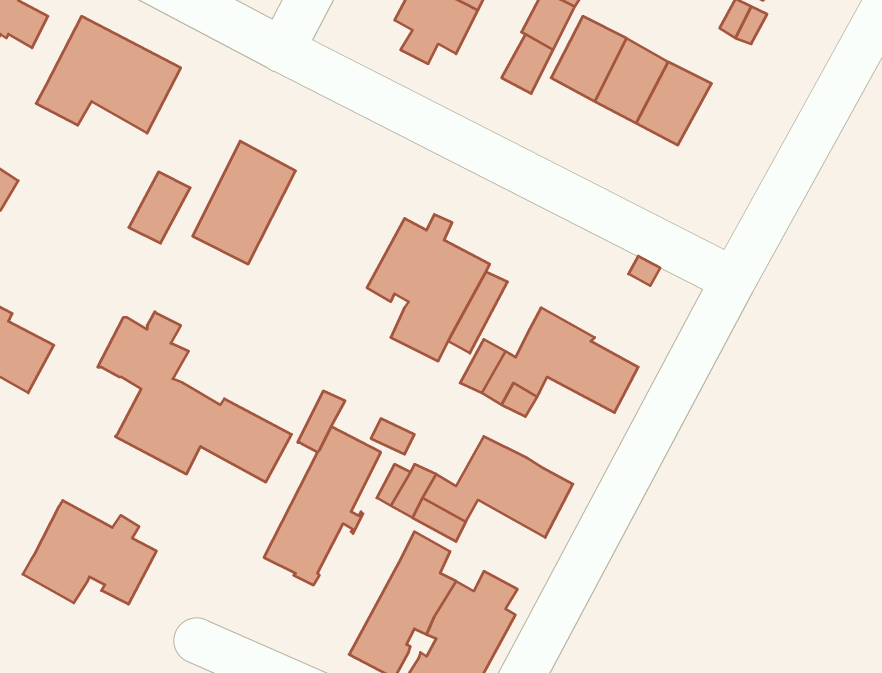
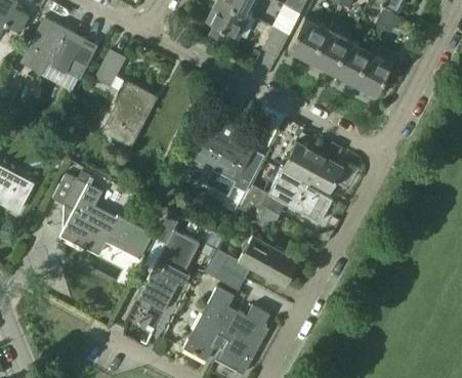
building: none -> [353,52,393,96]
building: [129,172,190,243] -> [95,48,127,85]
building: none -> [283,141,344,191]
building: [23,500,156,604] -> none

